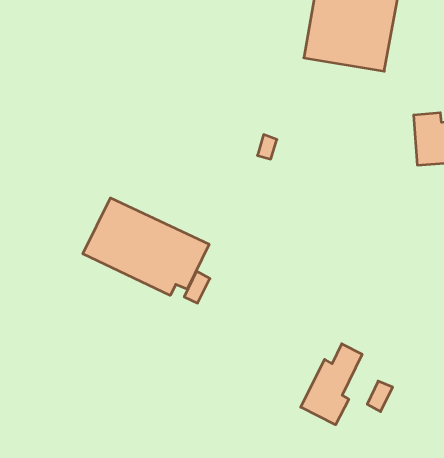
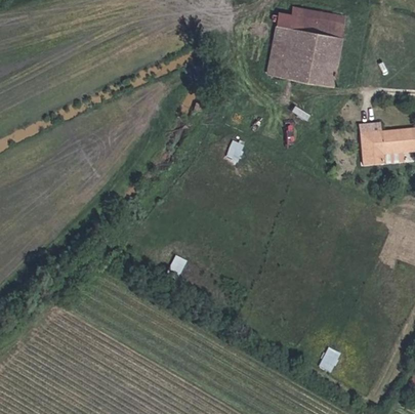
building: [83,198,209,295] -> none
building: [301,344,362,425] -> none

